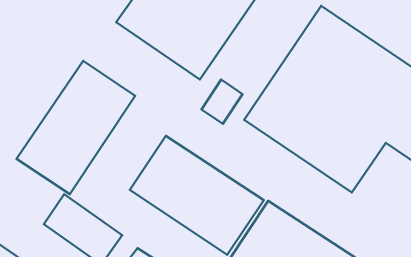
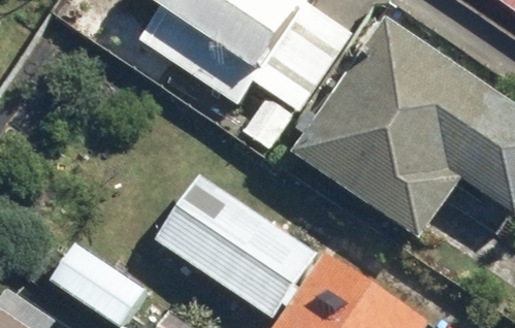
building: [17,61,135,194] -> none

